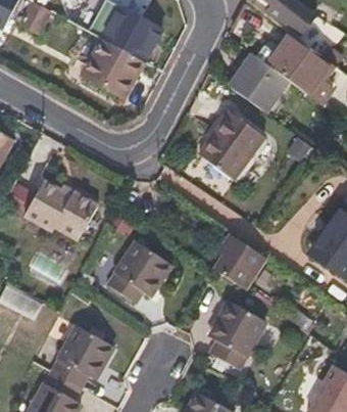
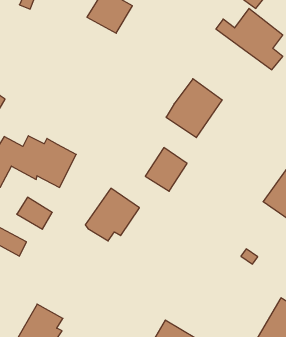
building: [88,39,142,96] -> none
building: [230,54,288,111] -> none
building: [215,238,263,288] -> [145,148,187,191]
building: [208,303,263,371] -> none
building: [51,326,110,388] -> none

